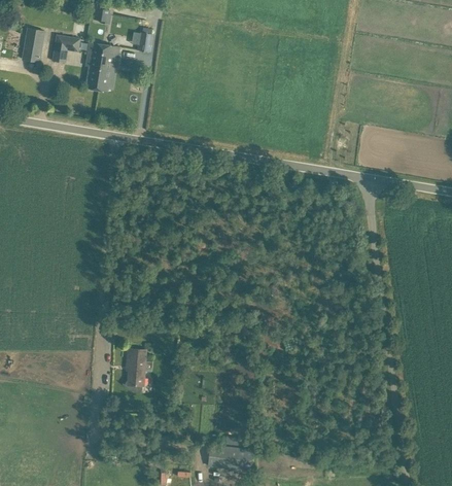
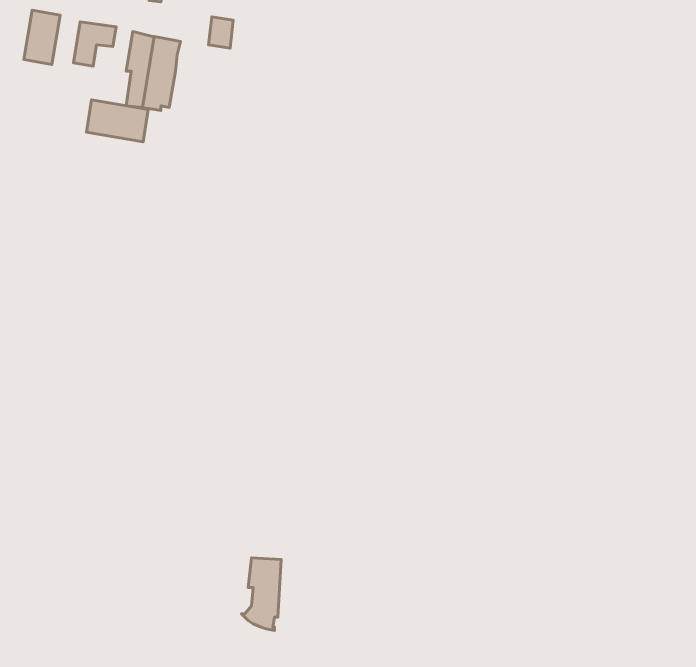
building: none -> [87,100,148,142]
building: [124,348,148,393] -> [242,558,281,630]

